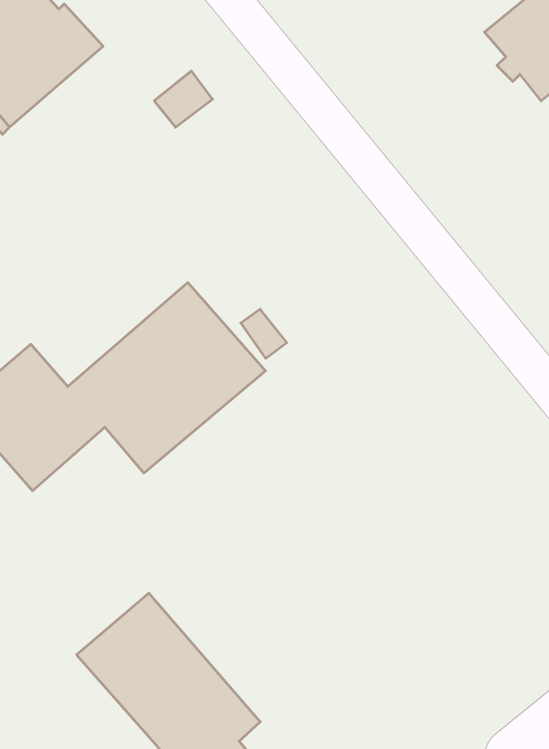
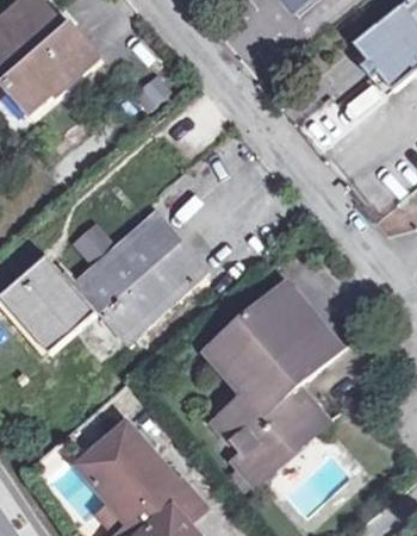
building: none -> [206,281,341,481]

